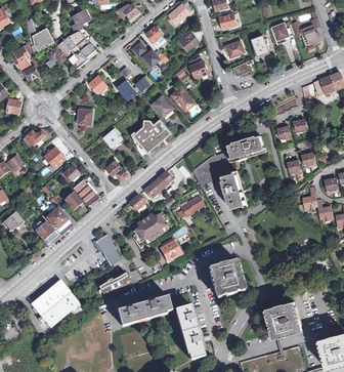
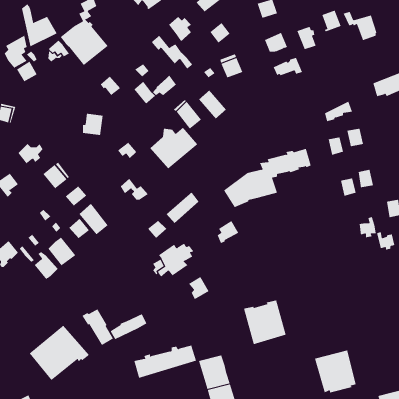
building: [221,171,246,207] -> none
building: [93,234,120,264] -> [81,309,114,346]

